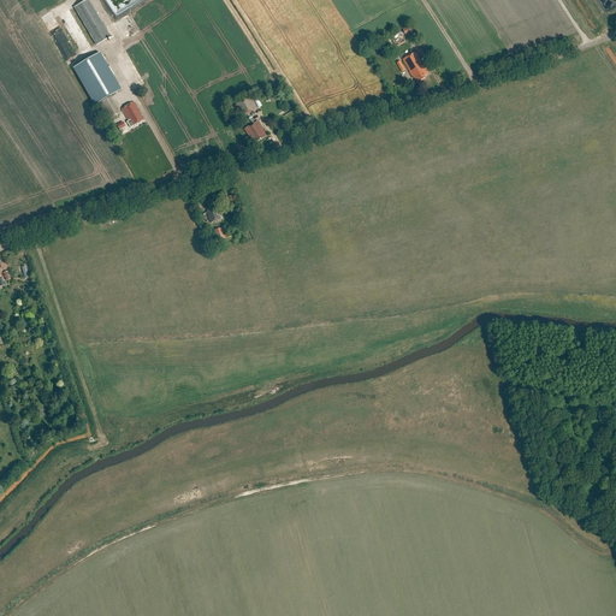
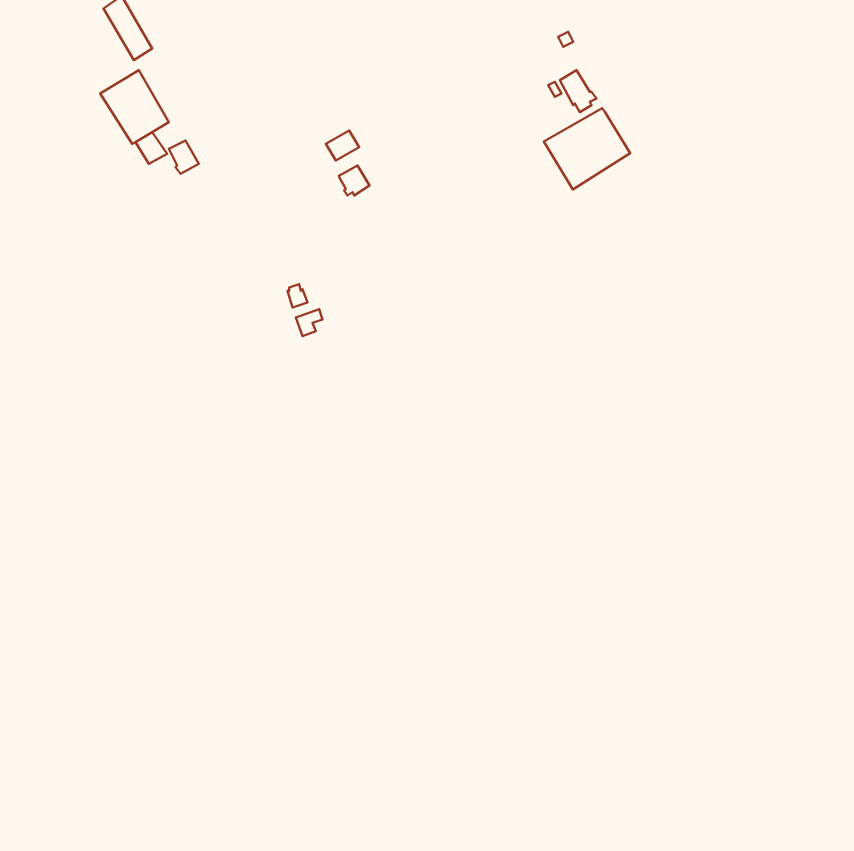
building: none -> [544,108,630,190]

